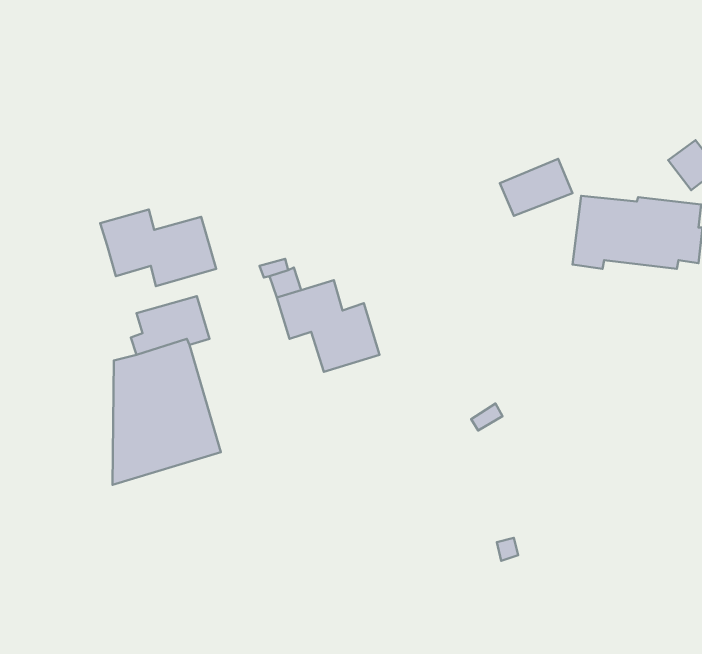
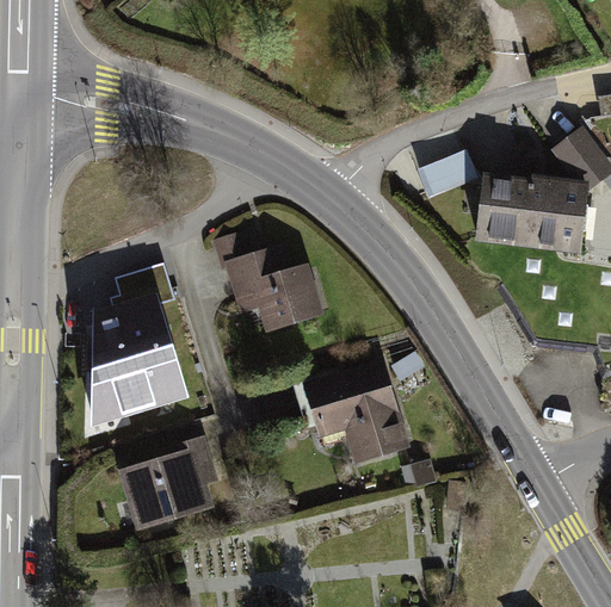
building: [100,209,216,286] -> none
building: none -> [296,365,406,462]
building: none -> [126,442,211,522]

